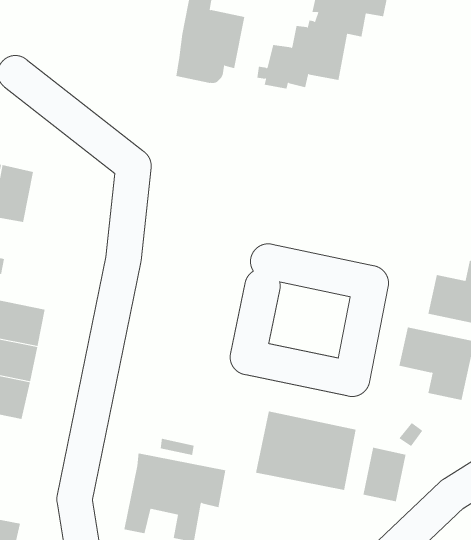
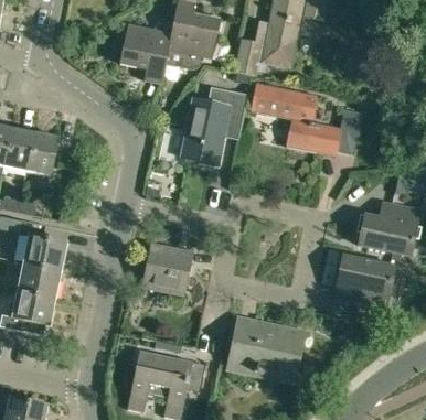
building: none -> [118,21,170,83]
building: none -> [251,80,361,154]
building: none -> [181,85,247,161]
building: none -> [141,243,192,294]
building: [363,447,406,502] -> none

